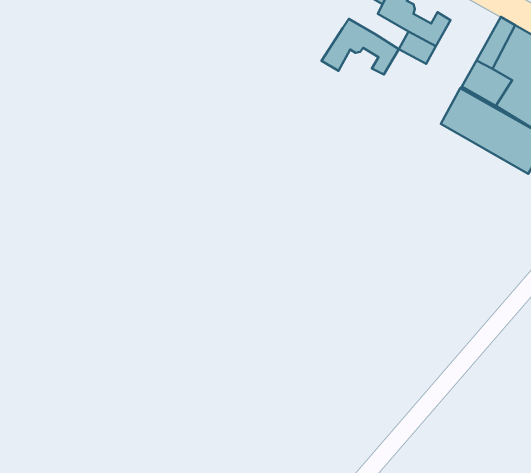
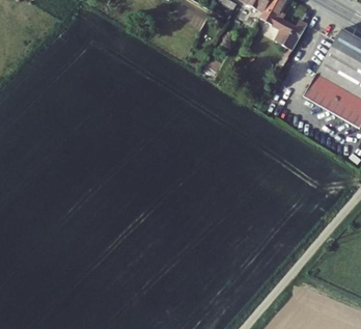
building: [321,19,399,75] -> none

